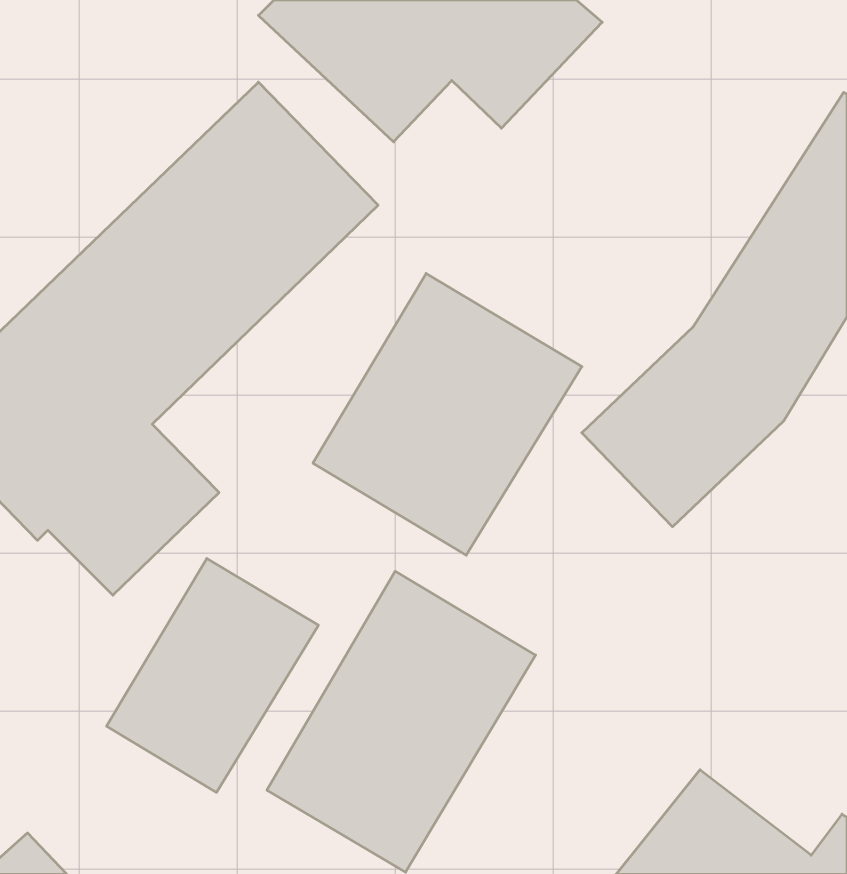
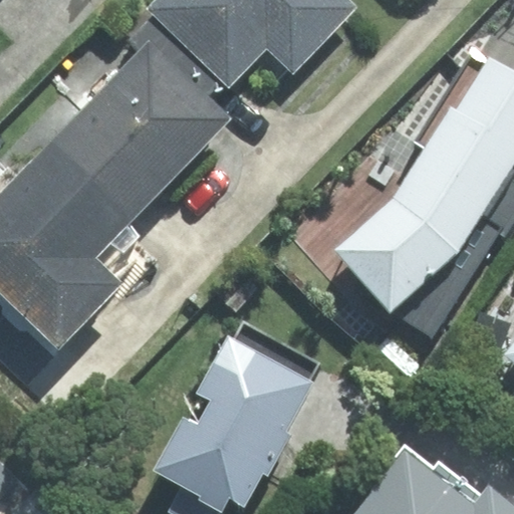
building: [313,273,582,555] -> none
building: [107,558,318,792] -> none

